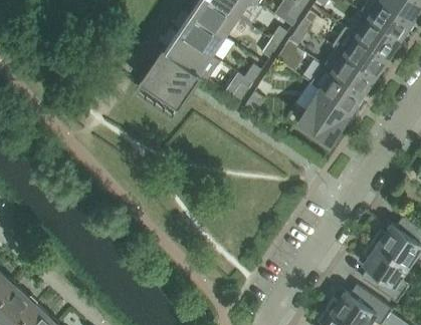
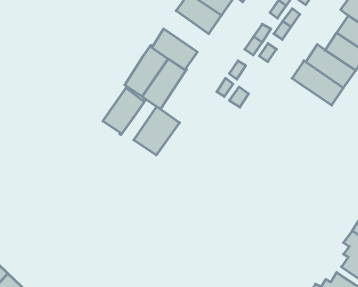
building: [177,13,224,56] -> none
building: [297,90,352,144] -> none
building: none -> [103,88,146,135]
building: none -> [134,107,180,155]

